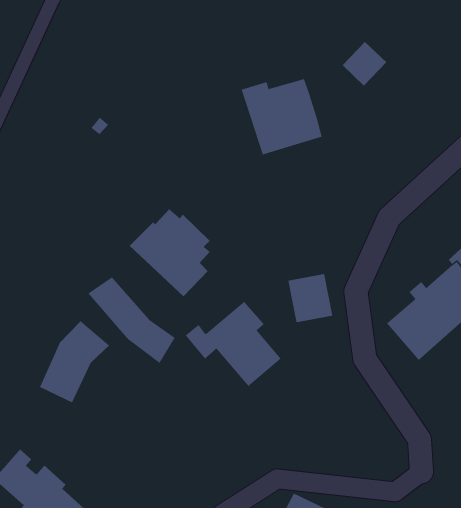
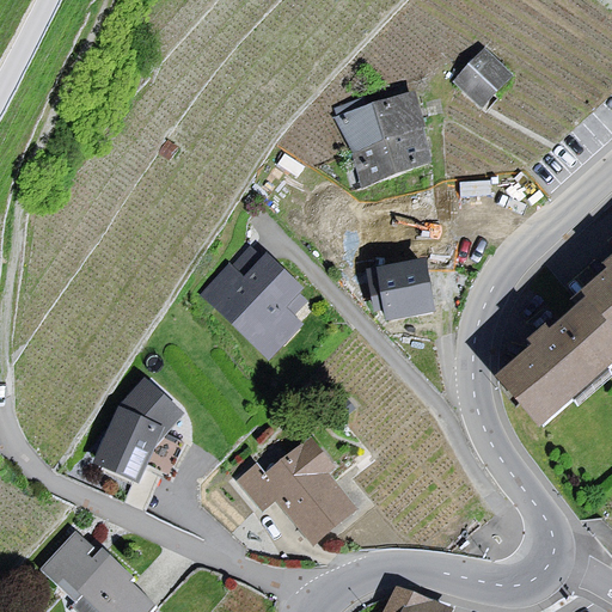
building: [288,274,333,323] -> [377,261,430,319]
building: [87,276,175,364] -> none
building: [185,301,282,387] -> [238,437,353,539]

